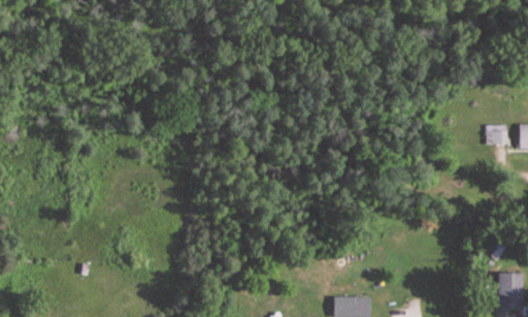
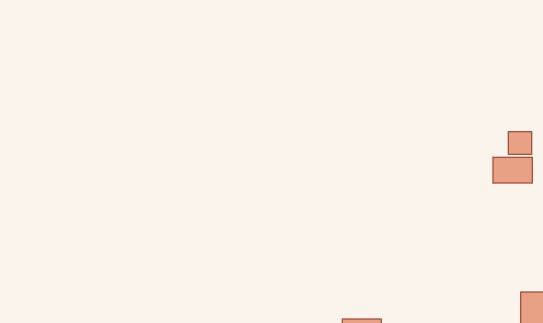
building: none -> [493,157,532,183]

